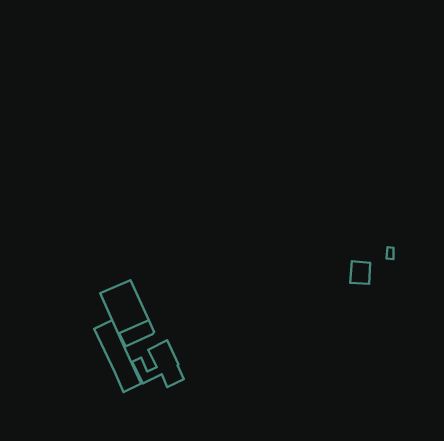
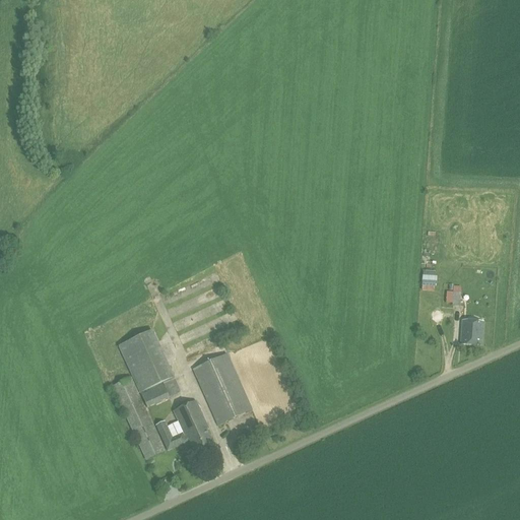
building: [350,261,370,284] -> [459,317,482,343]
building: none -> [192,350,252,424]

